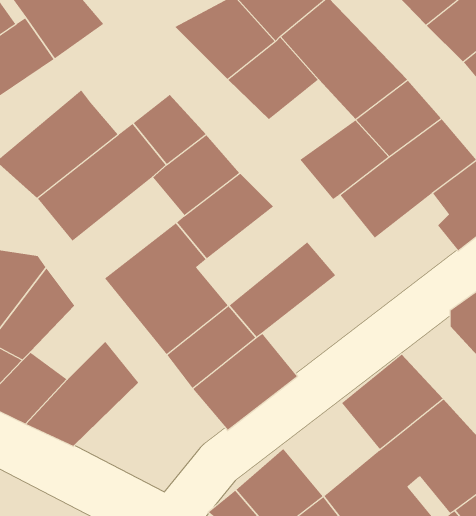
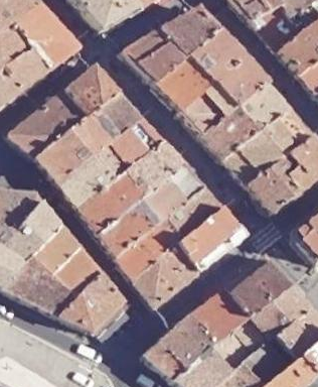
building: none -> [63,64,119,118]
building: none -> [179,84,235,134]
building: none -> [57,145,128,209]
building: none -> [248,155,300,213]
building: none -> [136,163,205,226]
building: none -> [177,207,247,270]
building: none -> [31,226,78,272]
building: none -> [58,274,123,331]
building: none -> [190,287,251,346]

